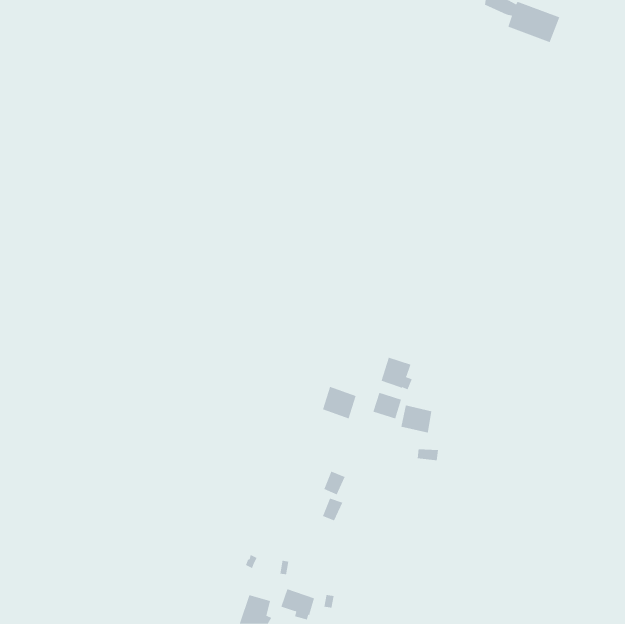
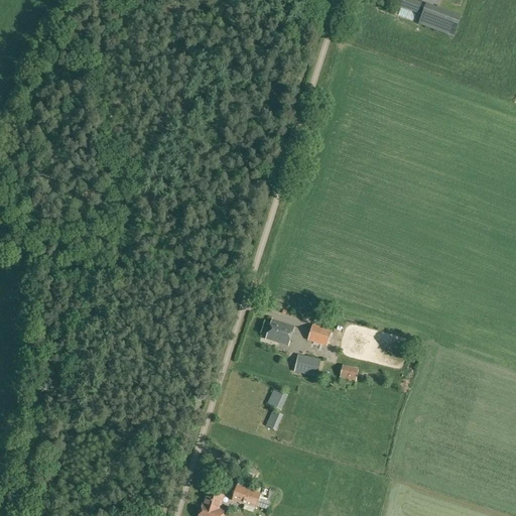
building: [381,357,413,390] -> none
building: [400,405,432,433] -> [293,353,319,376]

